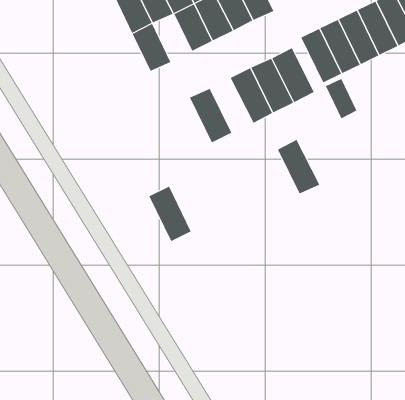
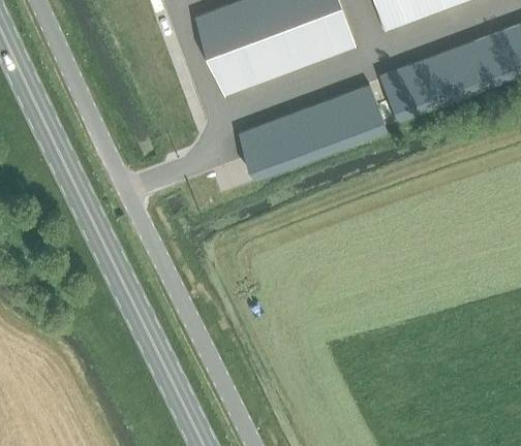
building: none -> [233,39,269,87]
building: [325,78,357,119] -> none
building: [277,139,320,194] -> [283,108,323,163]
building: [149,186,192,242] -> [240,124,279,180]

